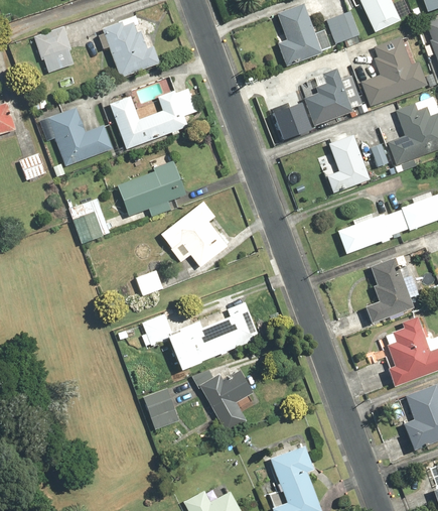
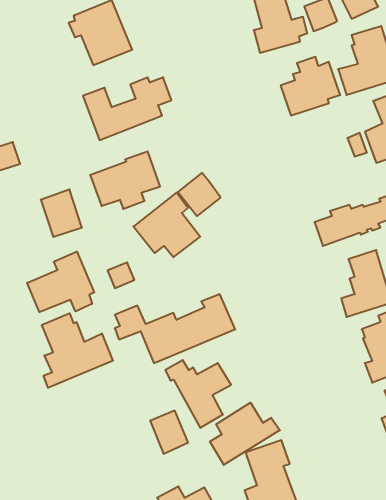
building: [34,27,72,73] -> none
building: [271,101,308,138] -> none
building: [39,107,112,166] -> none
building: [326,130,371,194] -> none
building: none -> [178,173,220,216]
building: none -> [27,252,94,312]
building: none -> [42,313,113,388]
building: [142,386,179,428] -> [150,411,188,454]
building: none -> [210,403,280,465]

